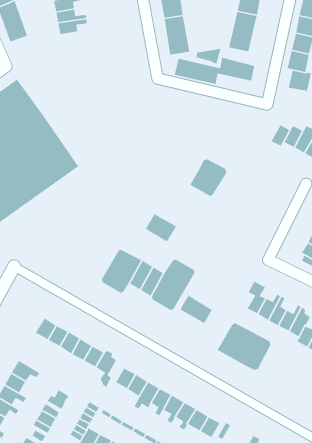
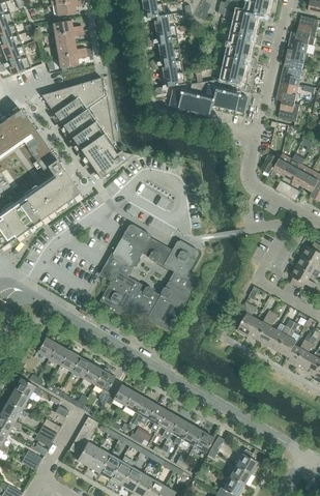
building: none -> [41,77,134,178]
building: [189,159,227,197] -> [163,240,199,276]
building: none -> [112,224,150,266]
building: [179,294,213,324] -> none
building: [217,322,271,371] -> none

